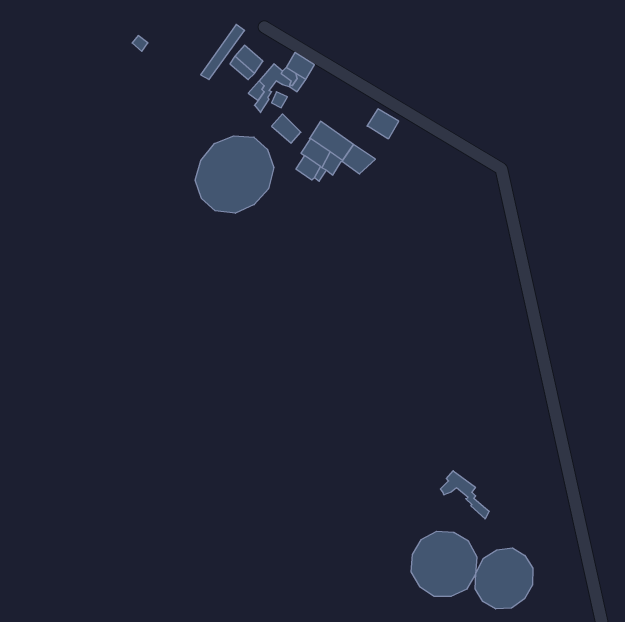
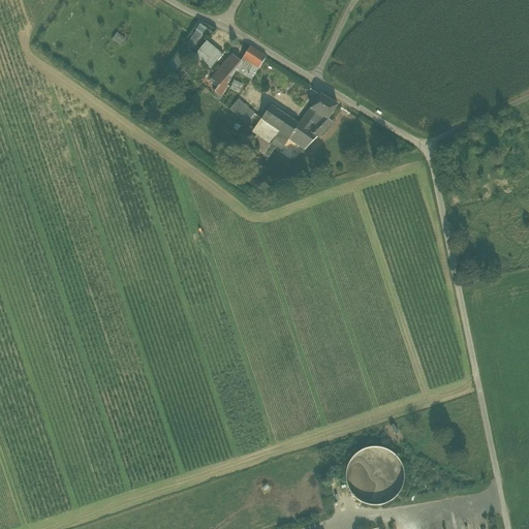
building: none -> [299,106,333,134]
building: [195,136,274,213] -> none
building: [440,471,489,519] -> none
building: [475,548,533,609] -> none

